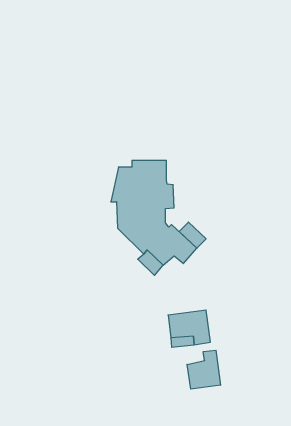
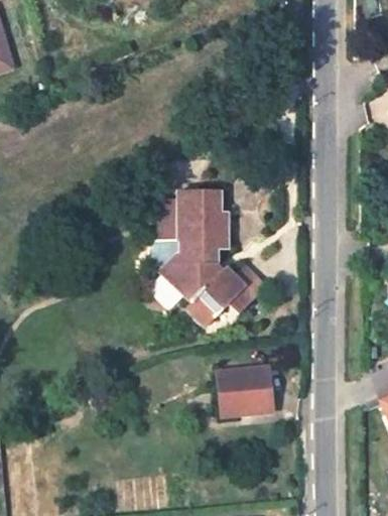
building: [187,350,220,389] -> none

